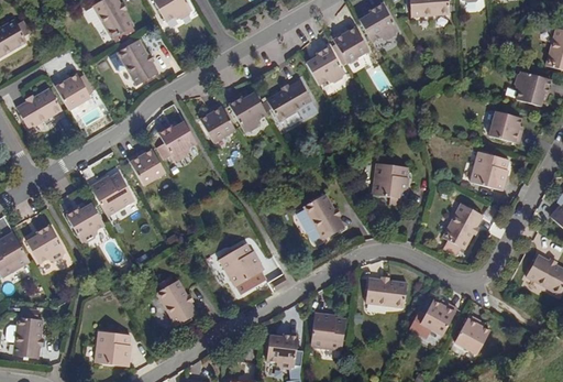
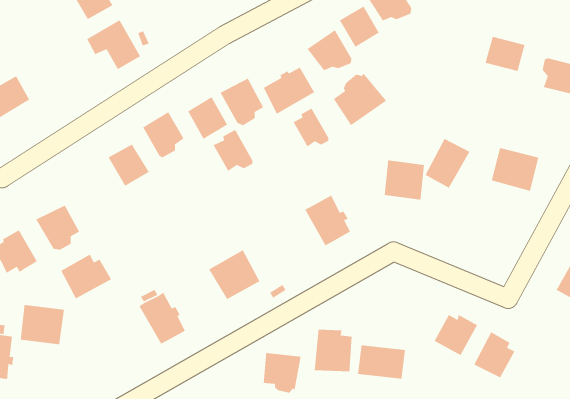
building: [55,72,91,109] -> none
building: none -> [333,72,387,126]
building: [485,110,521,142] -> [485,36,526,72]
building: none -> [292,108,329,147]
building: none -> [213,129,253,172]
building: [90,171,134,216] -> none
building: [441,204,482,249] -> [424,138,470,189]
building: none -> [60,253,112,300]
building: [364,276,407,307] -> [357,345,406,379]
building: [93,330,133,367] -> [20,304,65,345]

